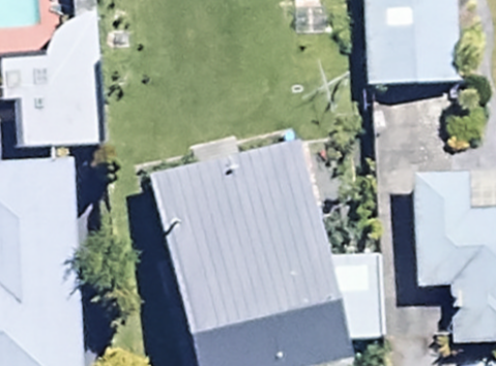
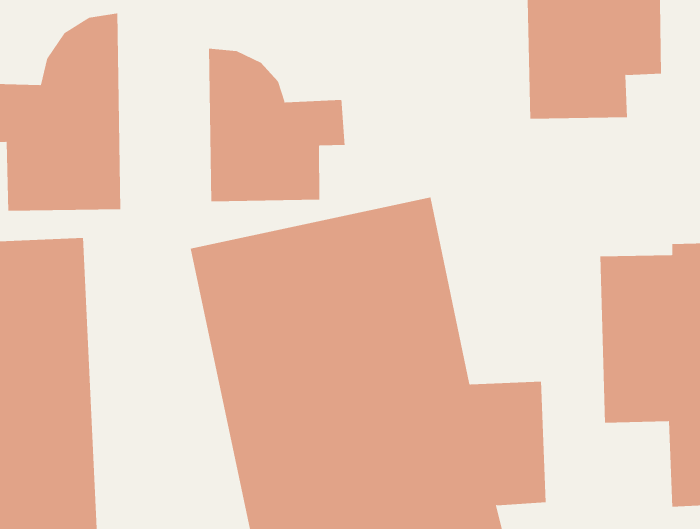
building: none -> [208,48,345,202]

